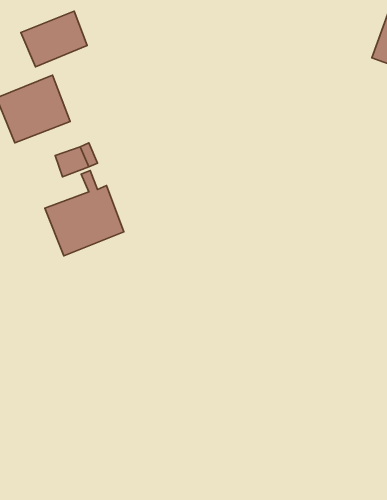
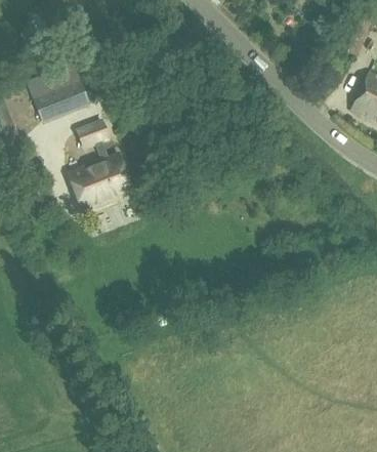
building: [21,11,87,67] -> none

